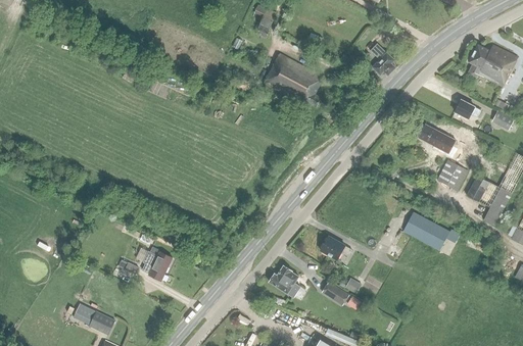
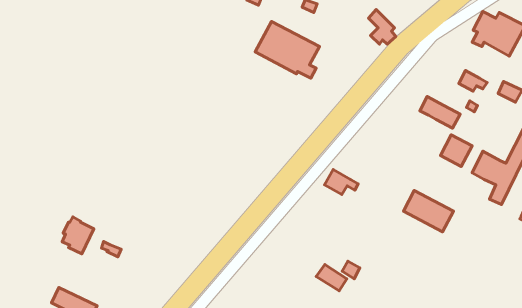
building: [320,236,351,259] -> [324,170,358,195]
building: [142,246,172,281] -> [62,217,94,254]
building: [269,265,300,297] -> none

